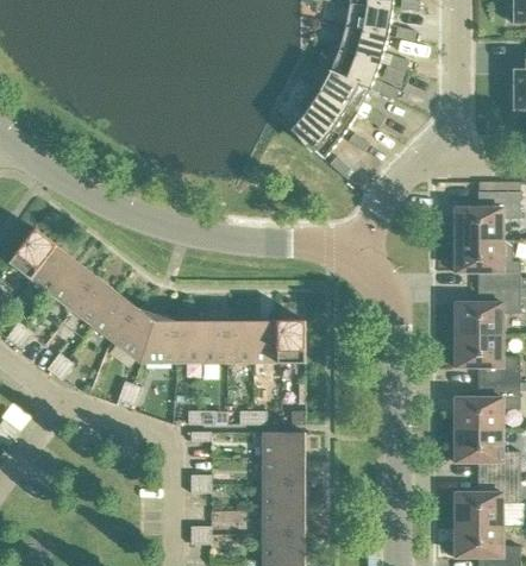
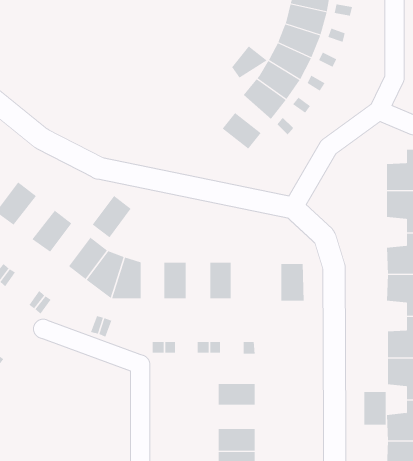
building: none -> [231,45,268,79]
building: none -> [222,112,261,150]
building: [30,246,76,295] -> none
building: [71,277,117,326] -> [92,195,132,238]
building: [175,321,200,363] -> none
building: [226,321,252,363] -> none
building: [277,321,305,364] -> [281,263,305,301]
building: [262,432,305,459] -> none
building: none -> [364,391,386,425]
building: [262,484,305,510] -> none

